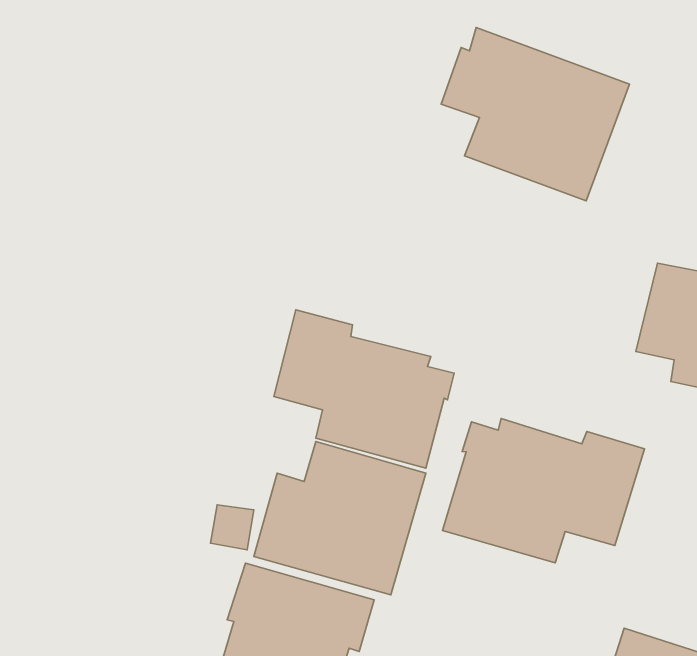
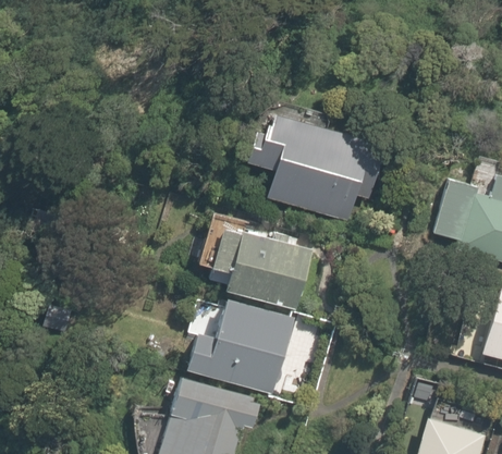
building: [441,27,630,201] -> [250,112,374,225]
building: [443,419,645,563] -> none

